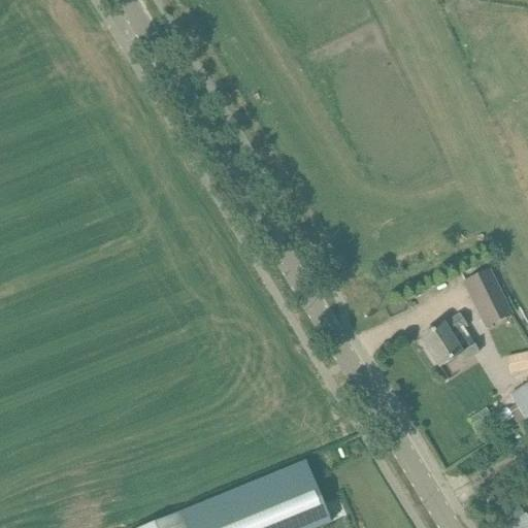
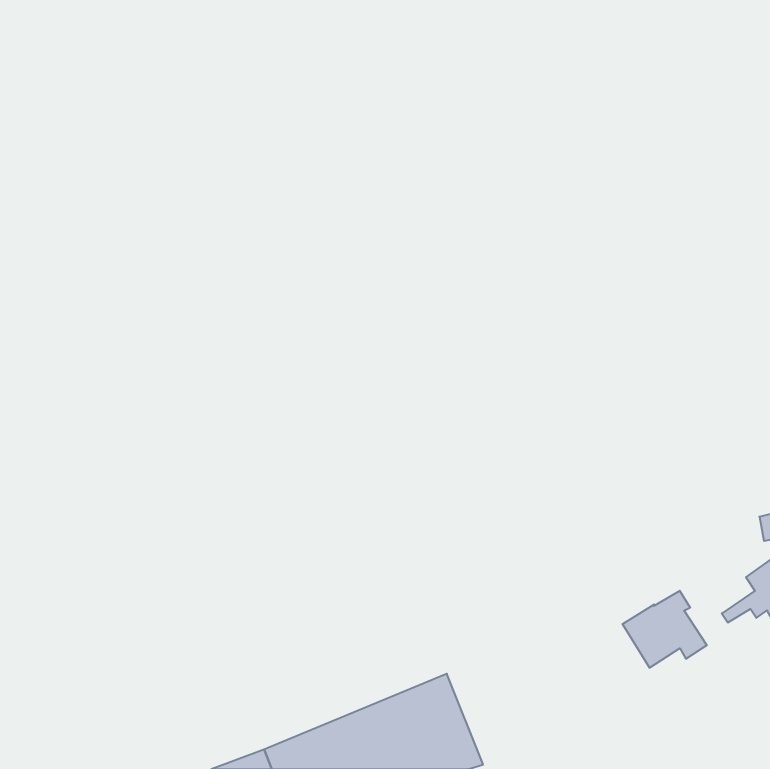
building: [463,267,514,327] -> none
building: [422,314,480,366] -> [622,591,707,668]

